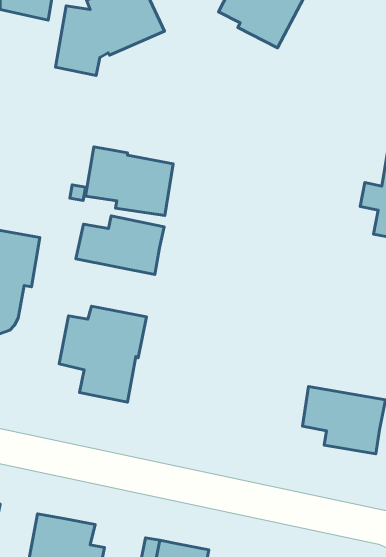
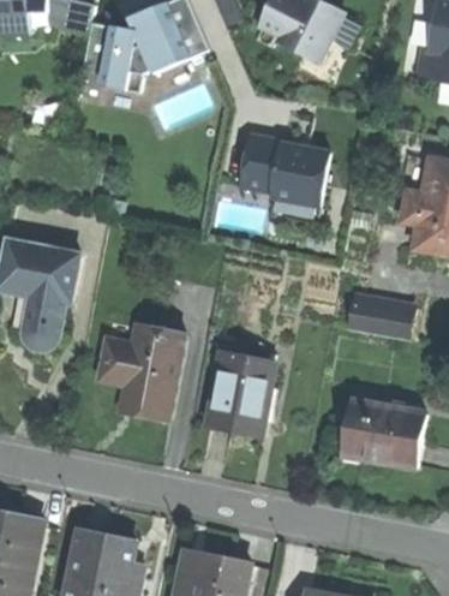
building: [85,147,173,215] -> [240,137,328,205]
building: [76,216,164,275] -> none
building: none -> [348,298,411,340]
building: none -> [206,350,277,439]

